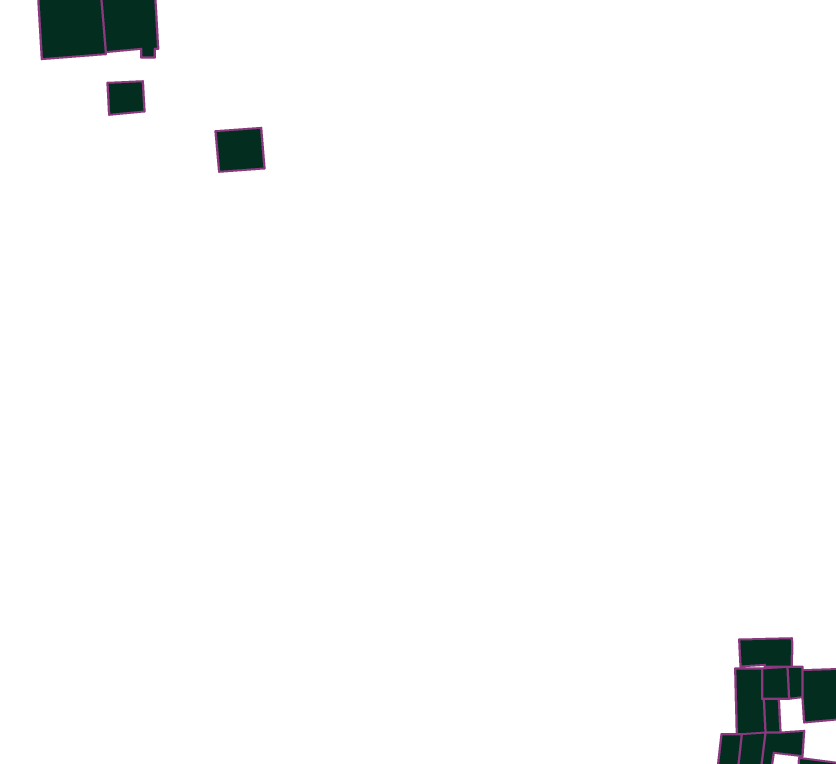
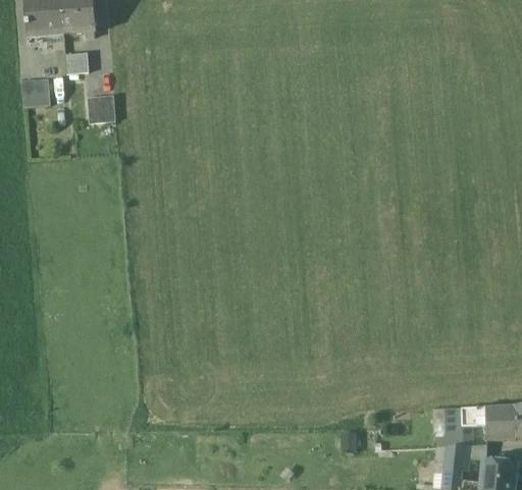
building: none -> [22,78,50,107]
building: [216,128,265,172] -> [87,95,116,121]
building: [739,638,792,667] -> none

